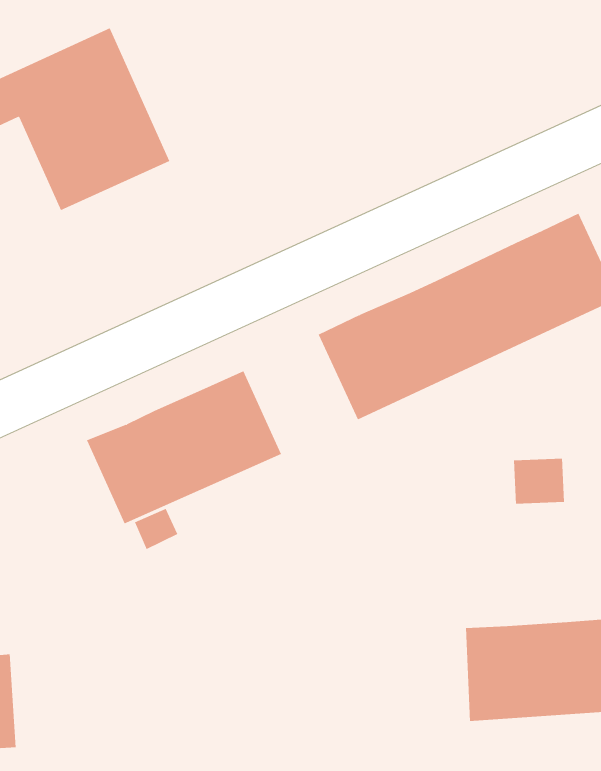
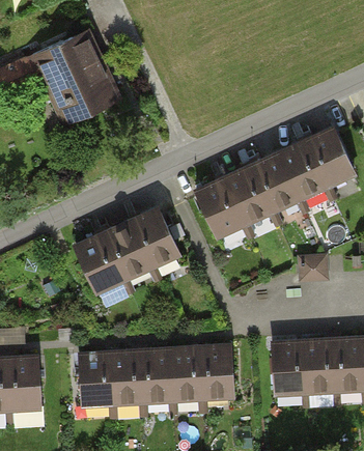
building: none -> [81,345,233,403]

